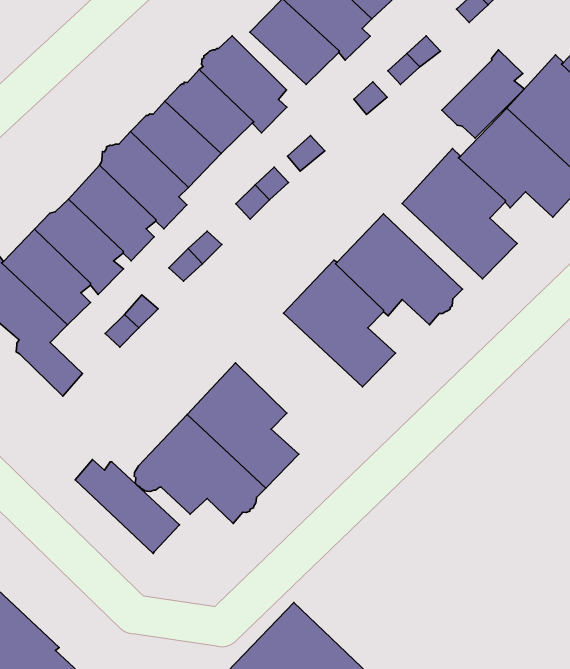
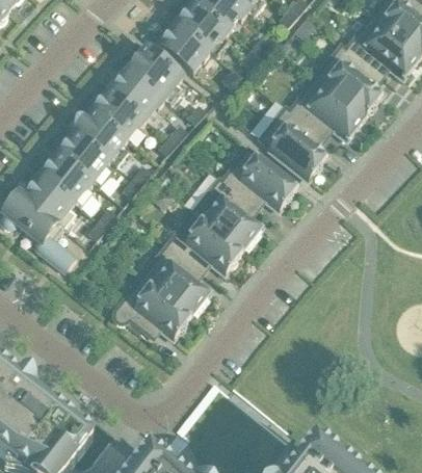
building: [442,50,524,138] -> none
building: none -> [164,211,241,273]
building: [75,459,180,554] -> none

